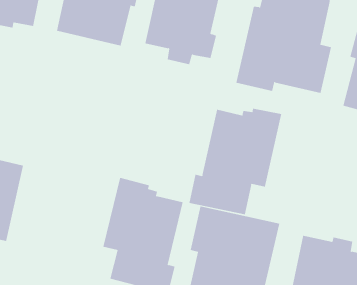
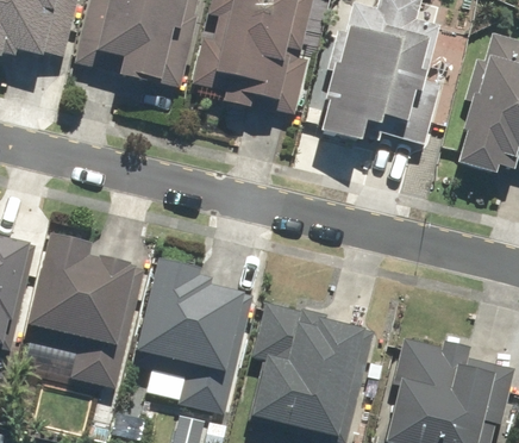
building: [189,108,282,215] -> none
building: none -> [31,236,138,392]

